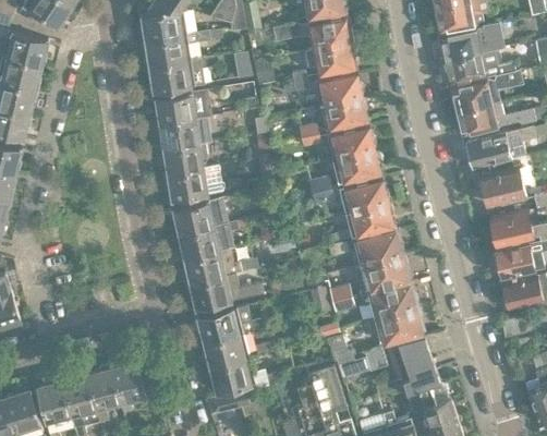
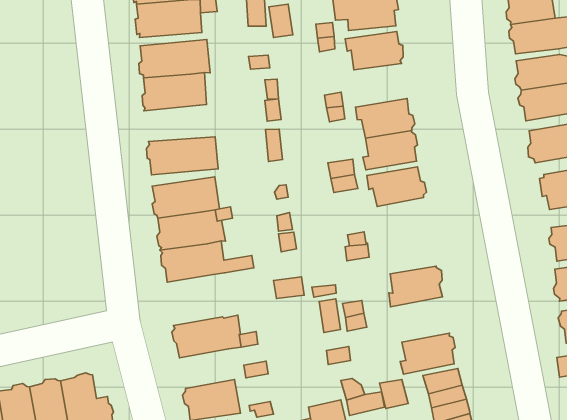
building: [325,98,367,131] -> none
building: [161,143,208,174] -> none
building: [351,203,393,238] -> none
building: [354,231,403,265] -> none
building: [189,274,264,310] -> none
building: [361,284,416,318] -> none
building: [203,334,248,367] -> none

